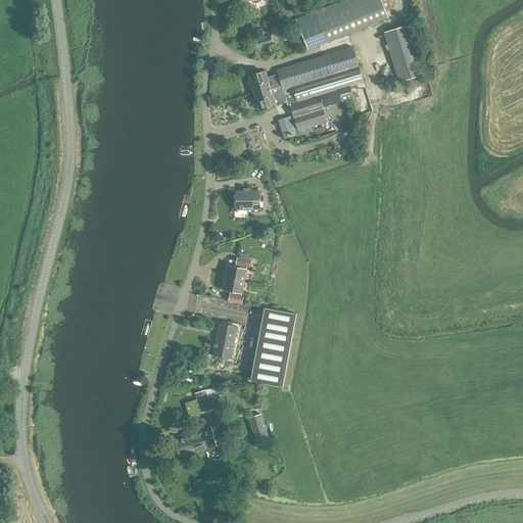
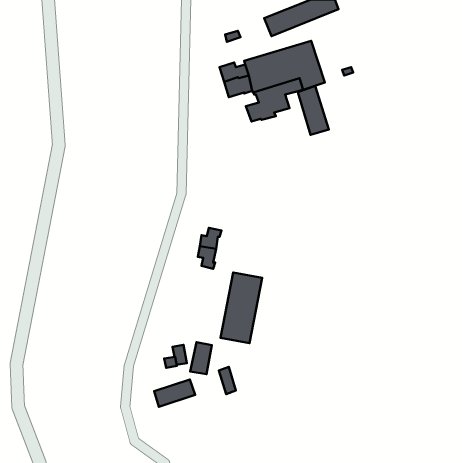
building: [387,25,422,80] -> [298,86,329,135]
building: [234,191,259,208] -> none
building: [211,322,236,358] -> [190,342,212,374]

